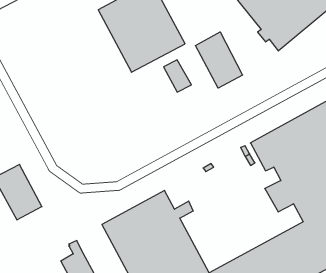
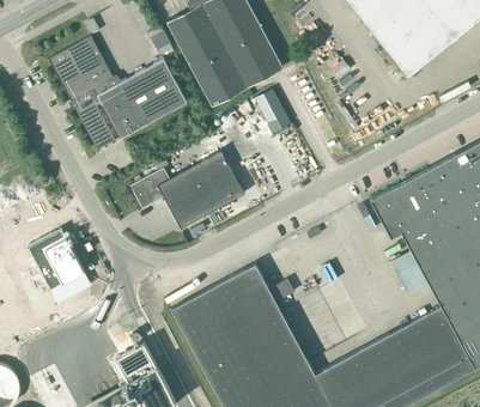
building: none -> [48,36,187,150]
building: [195,32,243,88] -> none
building: none -> [130,150,244,227]

